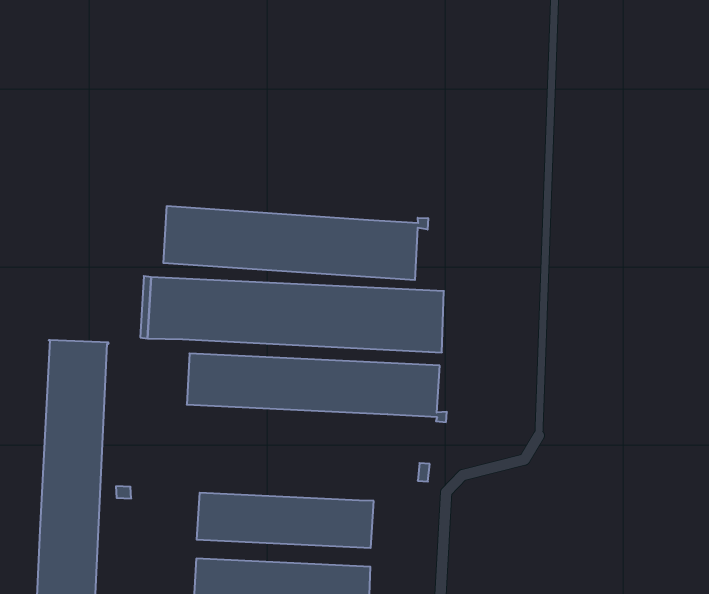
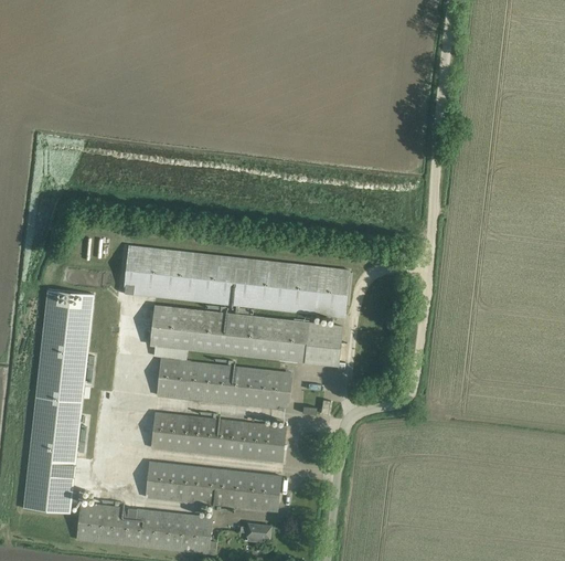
building: [163,206,428,280] -> none
building: none -> [158,359,292,410]

